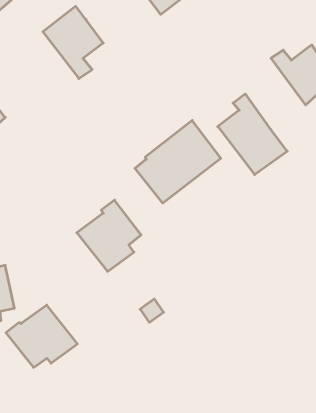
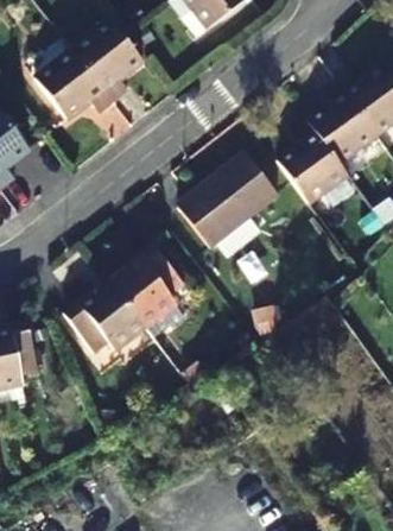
building: none -> [33,49,113,120]
building: none -> [306,80,376,163]
building: [6,305,77,367] -> [63,283,146,355]

